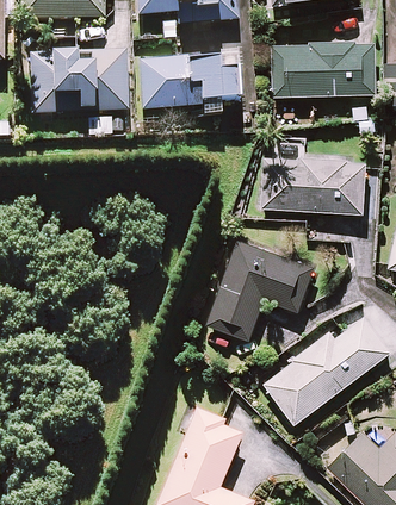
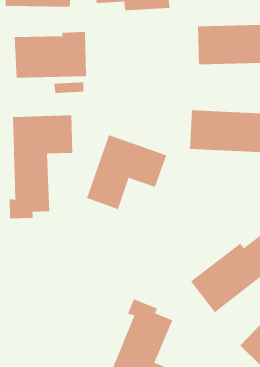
building: [138,60,237,117] -> none
building: none -> [9,114,73,219]
building: [206,241,314,341] -> [86,134,167,210]

